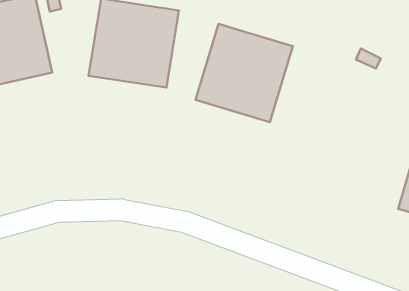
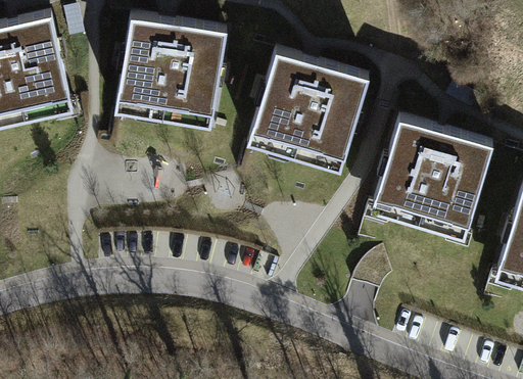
building: none -> [372,114,493,238]

